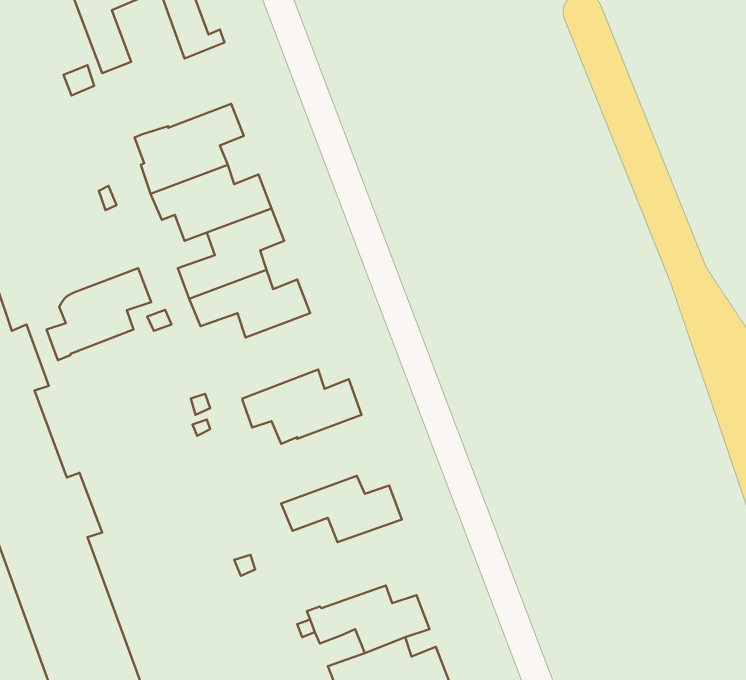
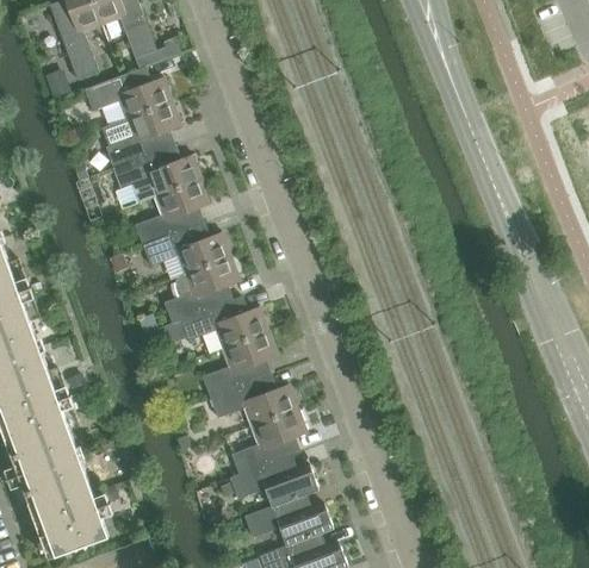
building: none -> [85,70,173,125]
building: [46,268,151,360] -> [163,257,241,325]
building: none -> [203,332,279,398]
building: none -> [231,410,308,475]

